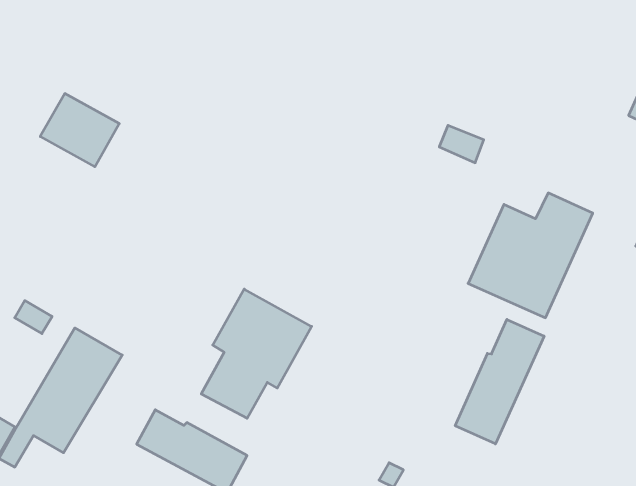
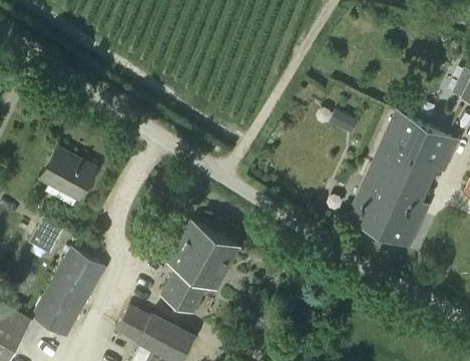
building: [40,94,119,167] -> [40,148,95,200]
building: none -> [372,113,449,173]
building: [455,319,544,444] -> none

